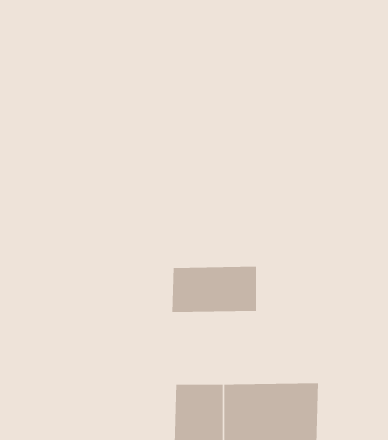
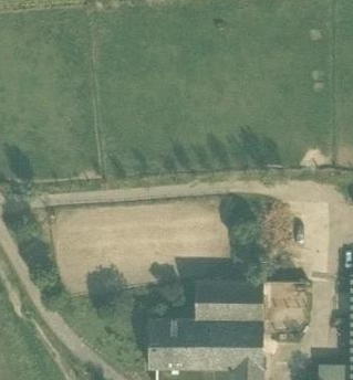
building: [172,266,257,313] -> [195,284,263,321]

